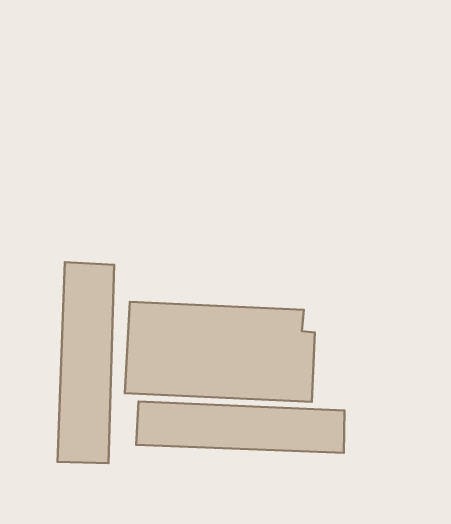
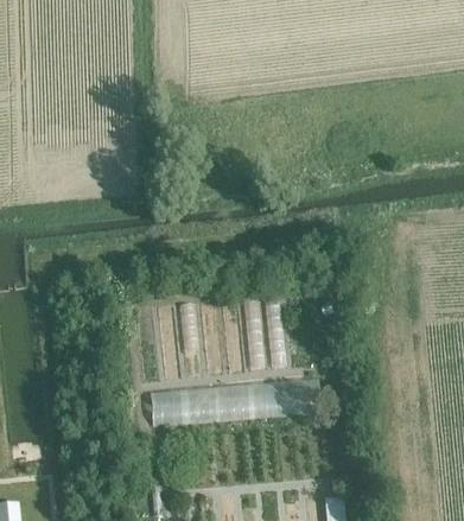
building: [57,262,114,463] -> none

